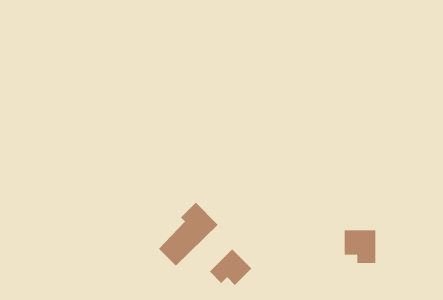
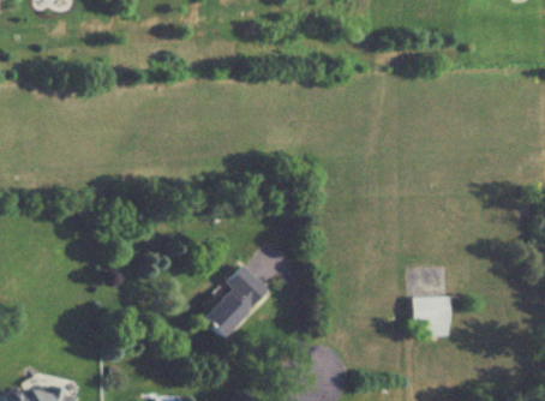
building: [209,248,252,286] -> none

